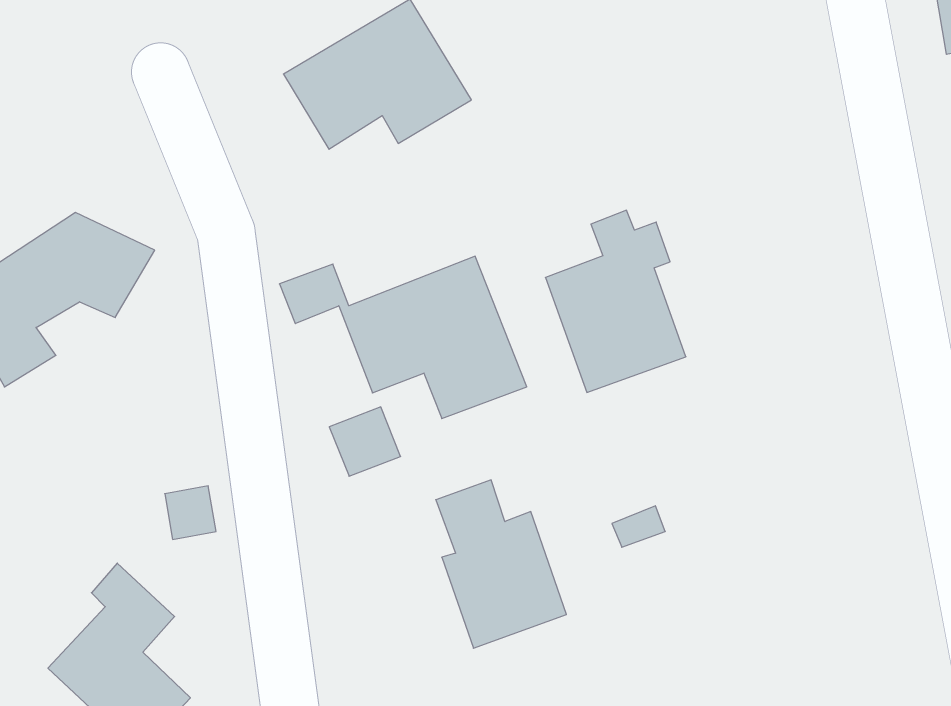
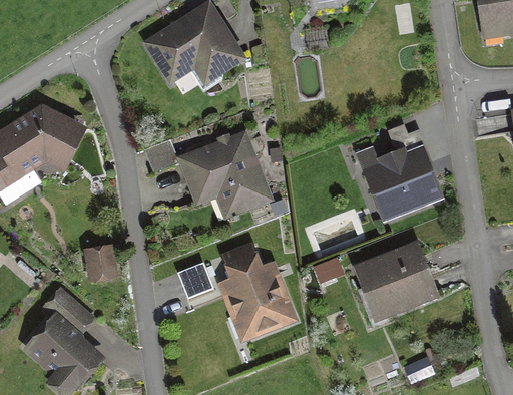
building: [545,210,686,392] -> [364,122,435,215]
building: [329,407,401,476] -> [177,263,213,298]
building: none -> [356,245,433,317]

